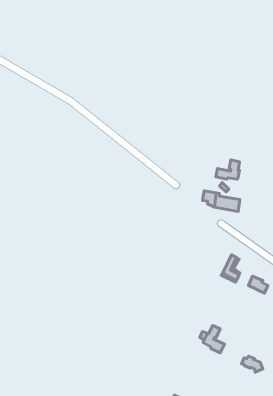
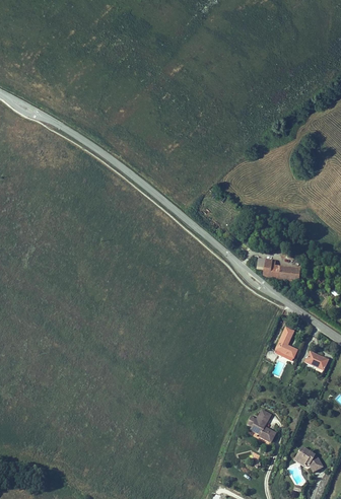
building: [216,160,240,179] -> none

